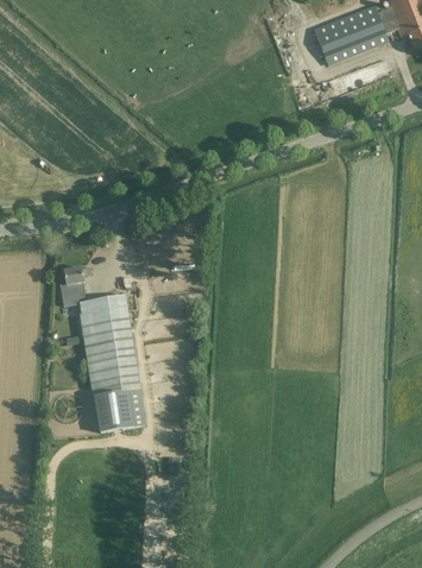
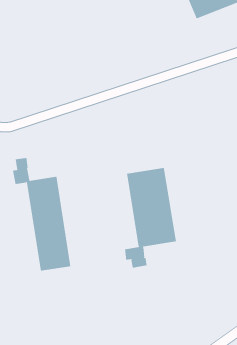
building: none -> [124,167,176,269]

